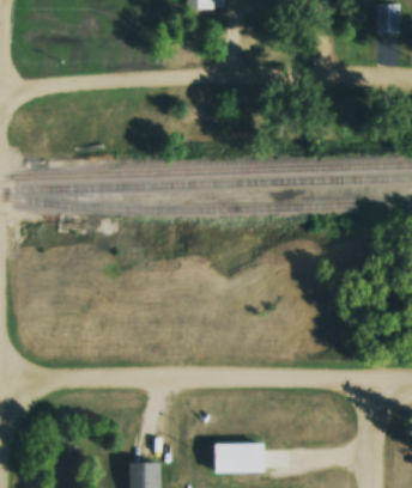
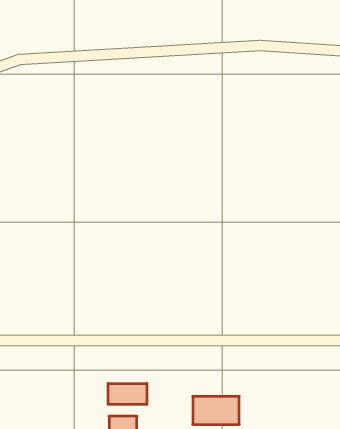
building: none -> [108,383,147,404]

